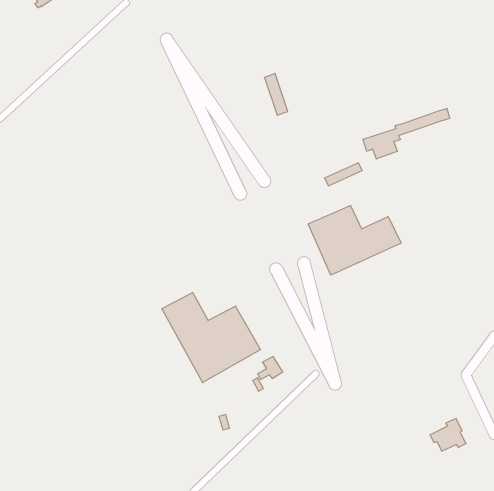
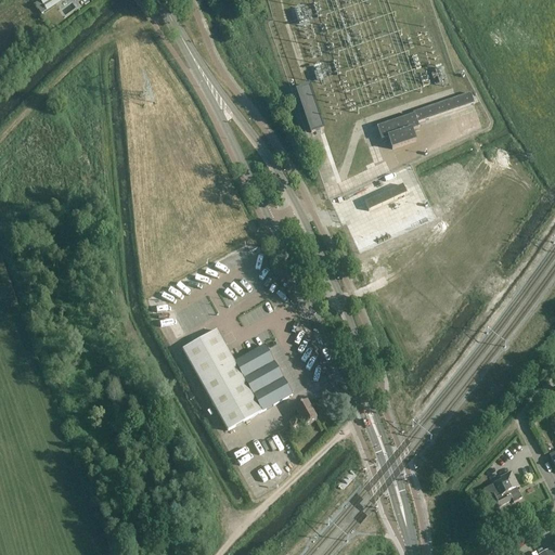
building: [363,108,450,159] -> [376,90,474,146]
building: [308,205,401,275] -> none

